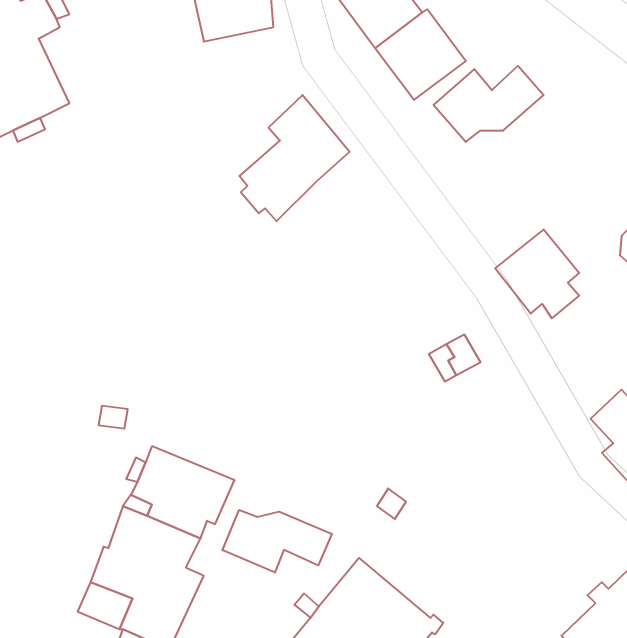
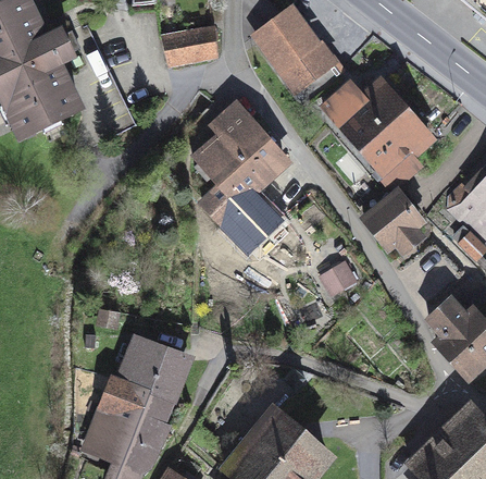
building: none -> [346,99,432,186]
building: none -> [203,137,285,245]
building: [222,510,332,573] -> none

